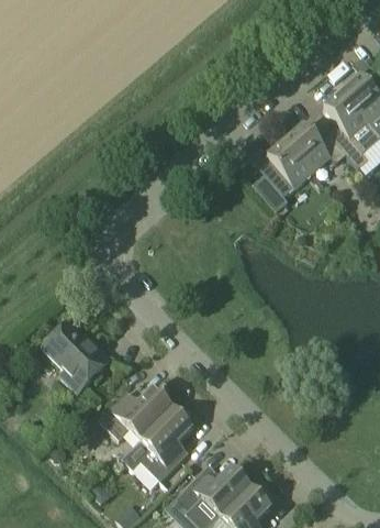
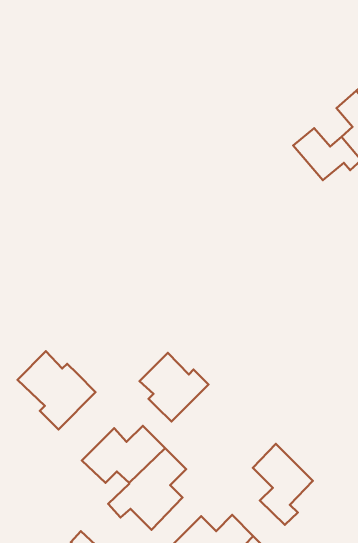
building: [253,140,312,211] -> none
building: none -> [140,353,208,422]
building: none -> [253,444,313,525]

